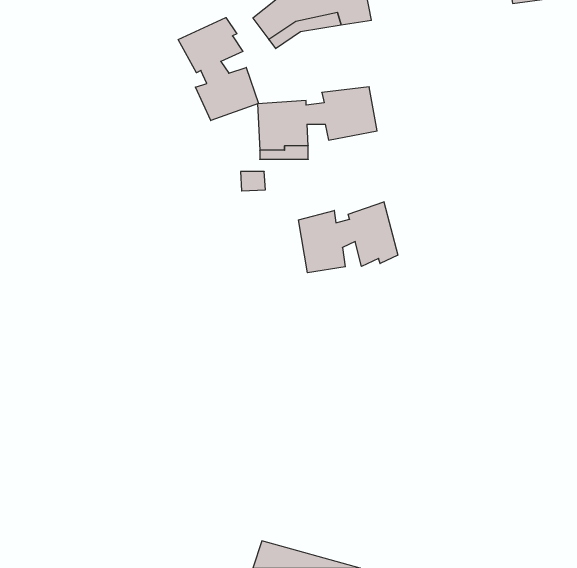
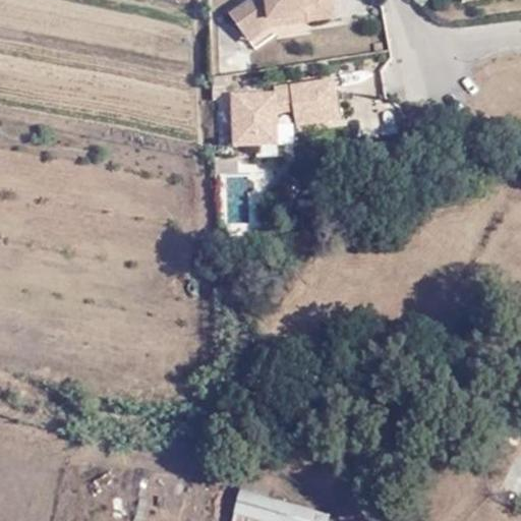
building: [178,18,259,121] -> none
building: [298,202,398,273] -> none

